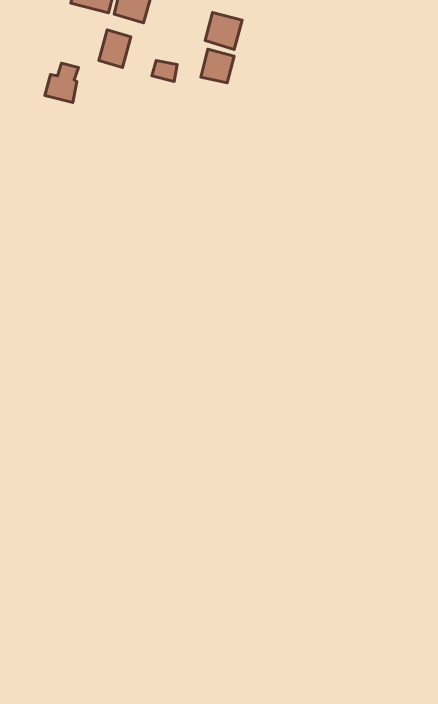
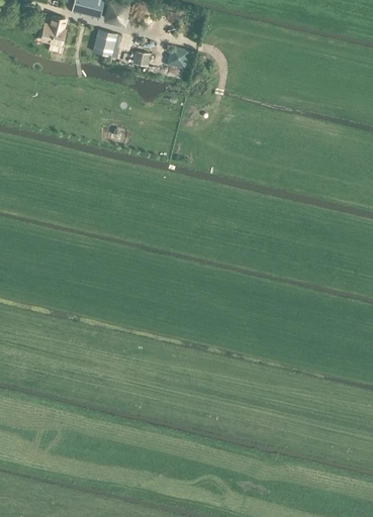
building: [205,12,242,50] -> none
building: [45,63,78,102] -> [40,15,65,43]

